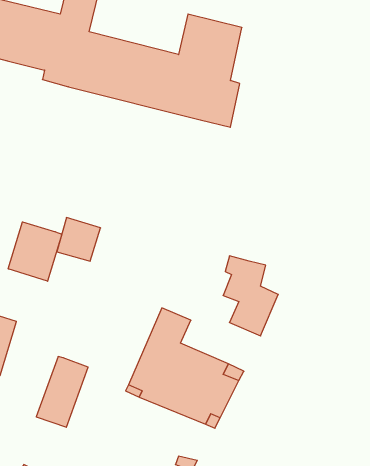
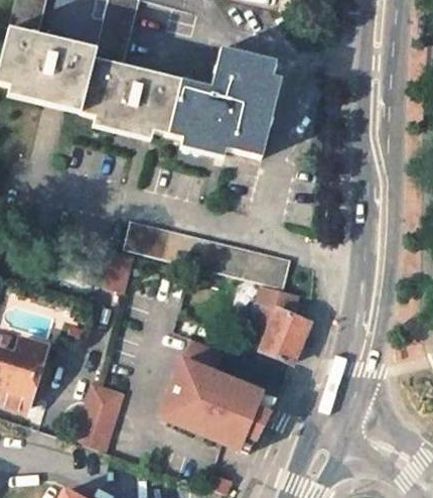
building: none -> [119,220,285,289]
building: [8,222,62,281] -> none

